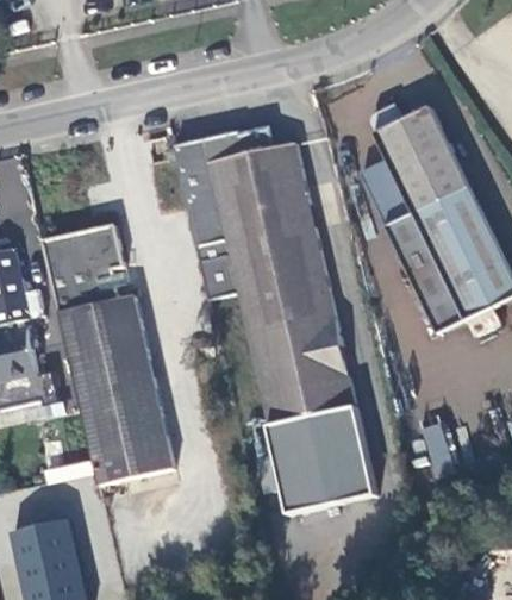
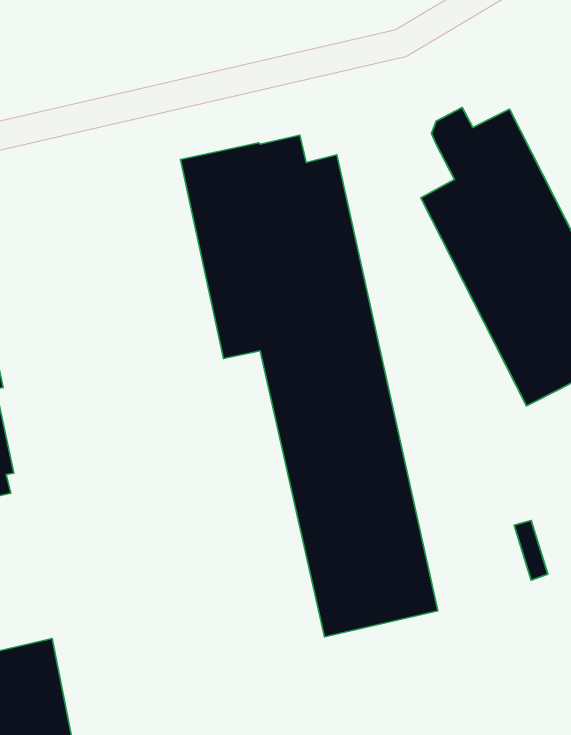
building: [43,225,173,487] -> none

